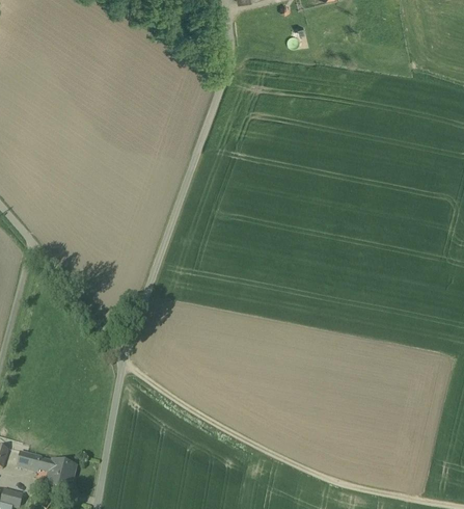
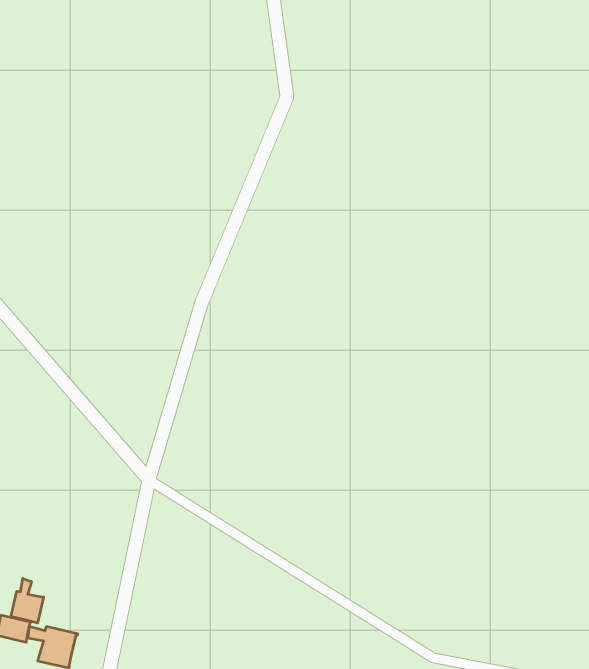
building: none -> [11,578,44,623]

